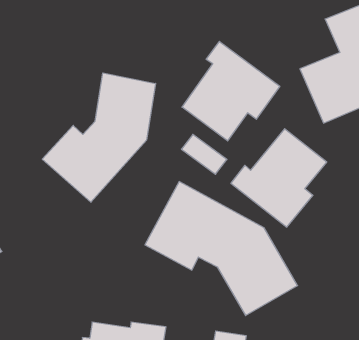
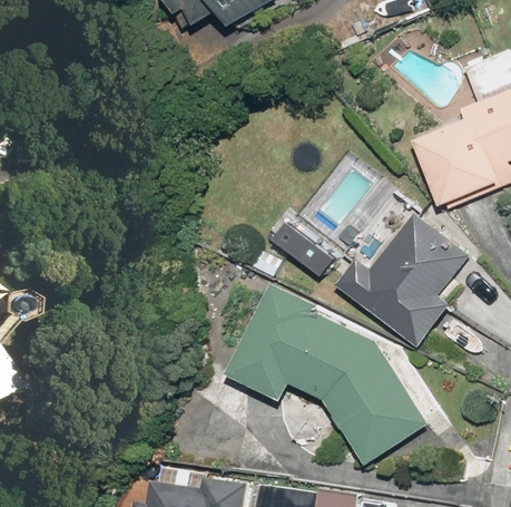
building: [182,41,280,141] -> none
building: [42,73,156,202] -> none

